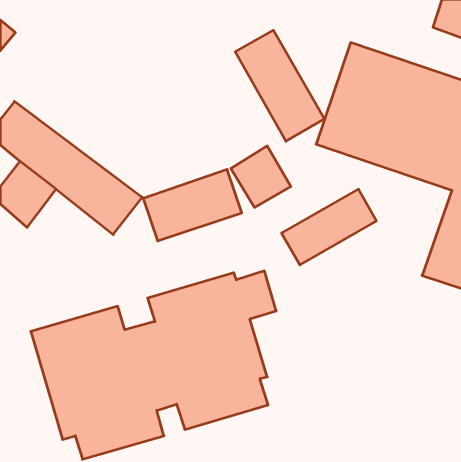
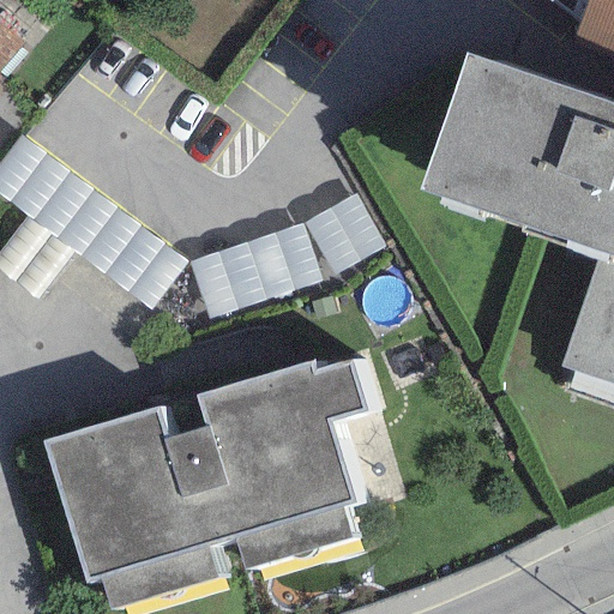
building: [235,30,325,141] -> none
building: [282,189,376,265] -> none

